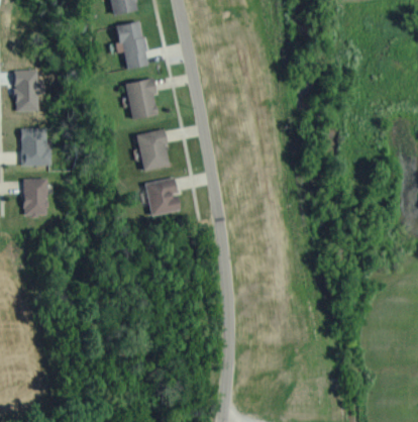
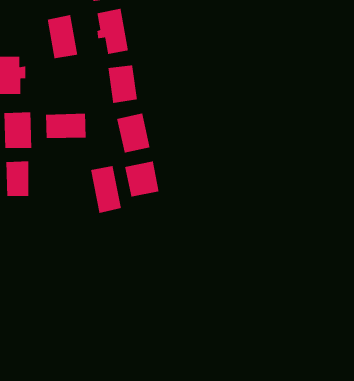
building: none -> [47,14,78,59]
building: none -> [45,113,86,139]
building: none -> [90,165,122,214]

